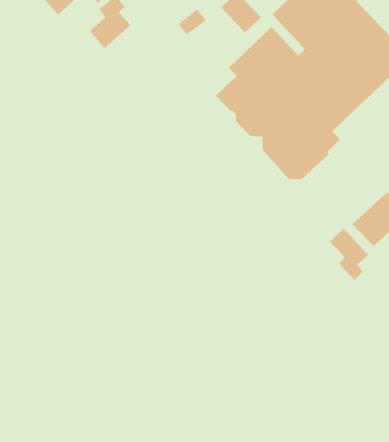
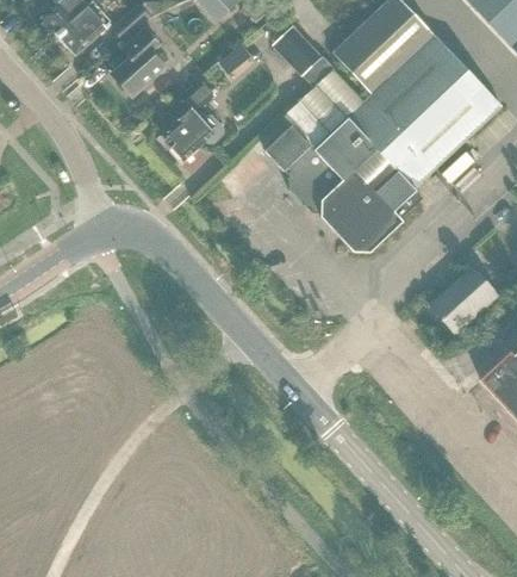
building: none -> [163,82,225,160]
building: [329,228,369,281] -> none

